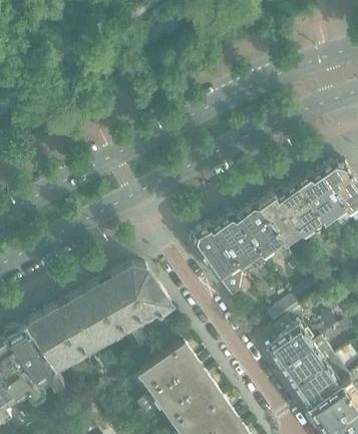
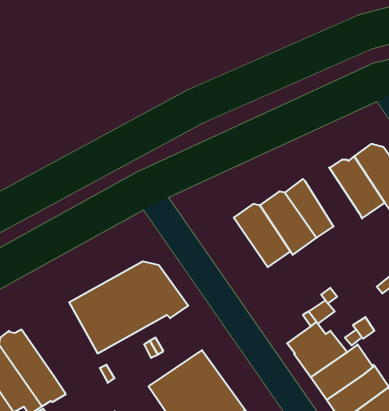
building: [277,184,325,239] -> none
building: [194,226,245,301] -> none
building: [26,303,93,370] -> none

